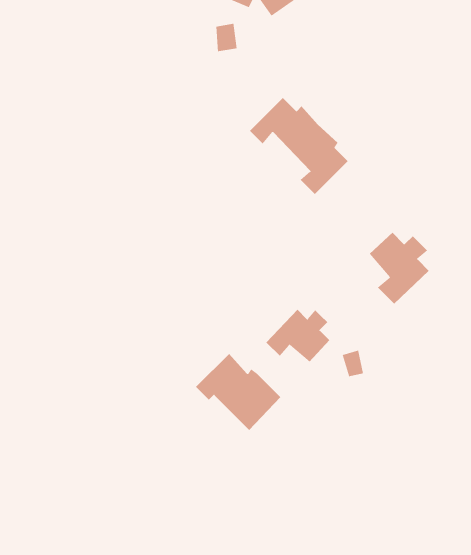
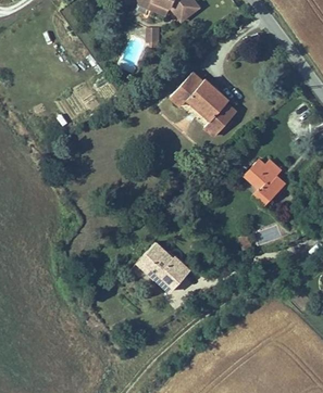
building: [266,309,330,362] -> none

